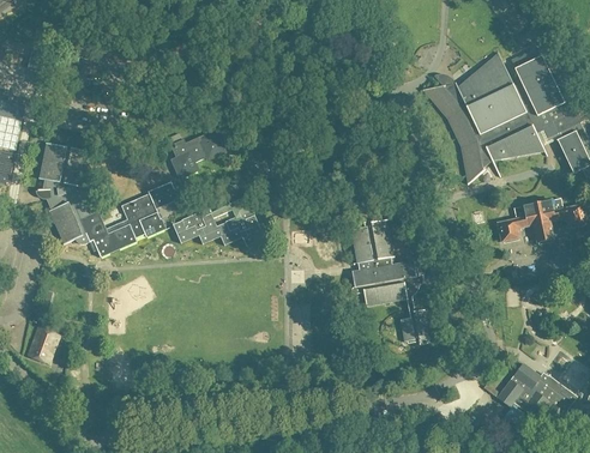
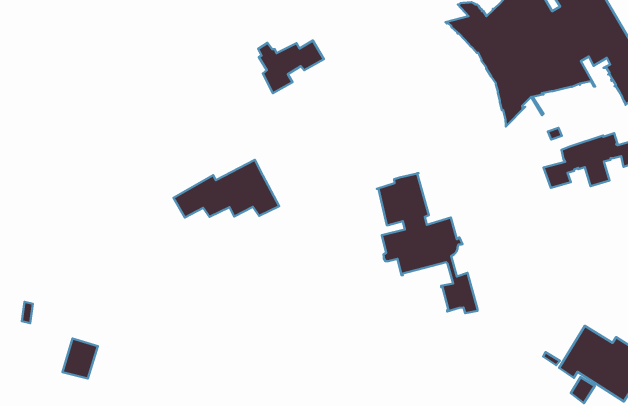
building: [169,132,225,176] -> [258,41,324,93]
building: [37,141,177,256] -> none
building: [26,325,59,361] -> [63,338,98,379]

